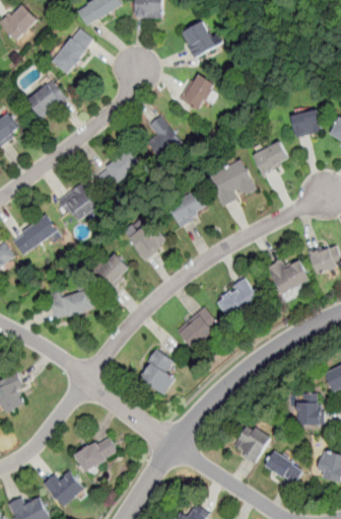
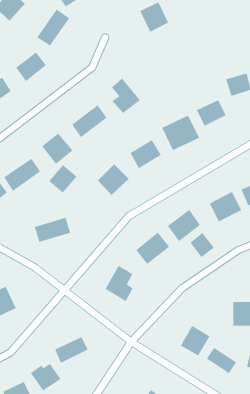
building: [179,71,214,110] -> none
building: [93,253,130,290] -> [48,164,77,193]
building: none -> [189,232,215,258]

